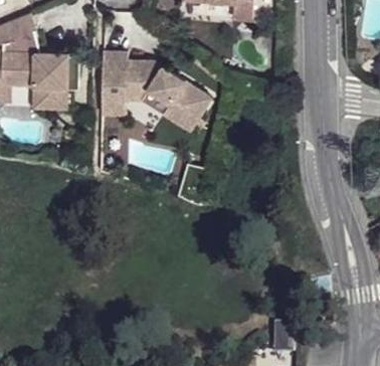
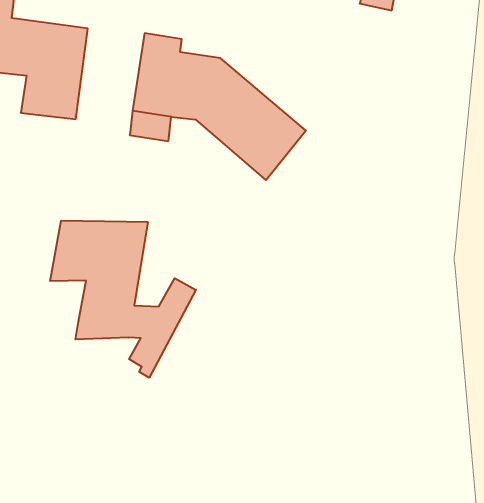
building: none -> [50,221,196,378]

